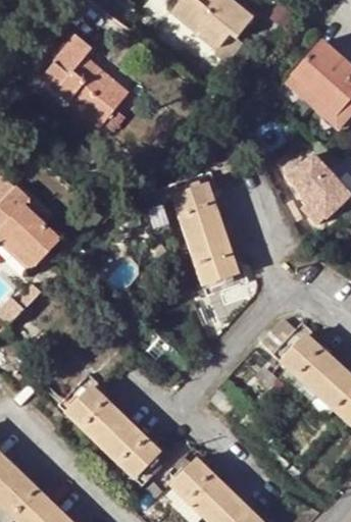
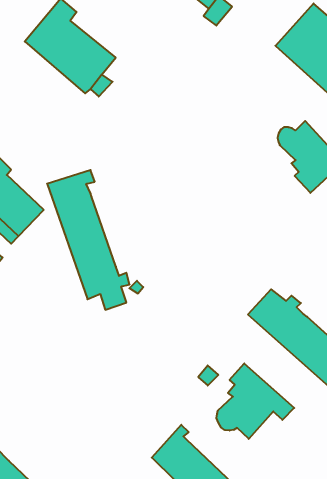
building: [169,170,249,305] -> [47,170,130,310]
building: [59,373,173,485] -> none
building: none -> [217,363,294,439]

